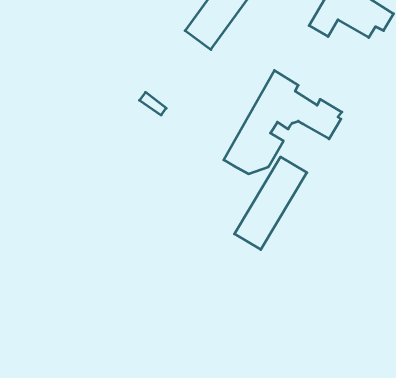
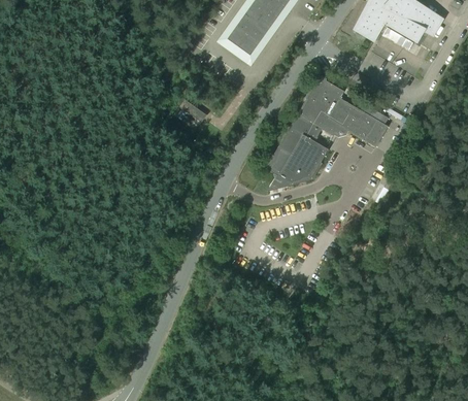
building: [234,157,307,250] -> none

